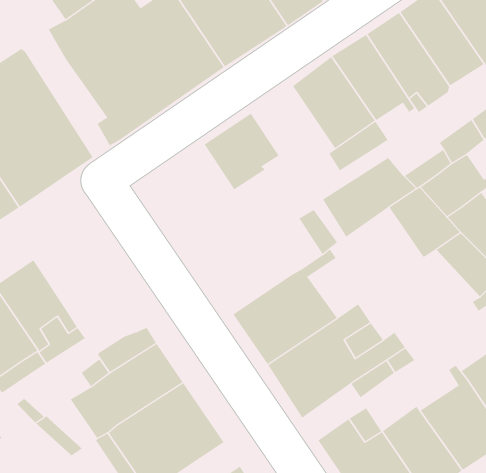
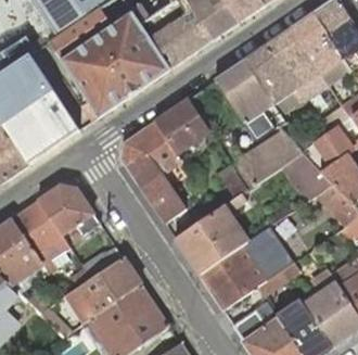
building: none -> [120,121,186,221]
building: none -> [38,185,100,236]

